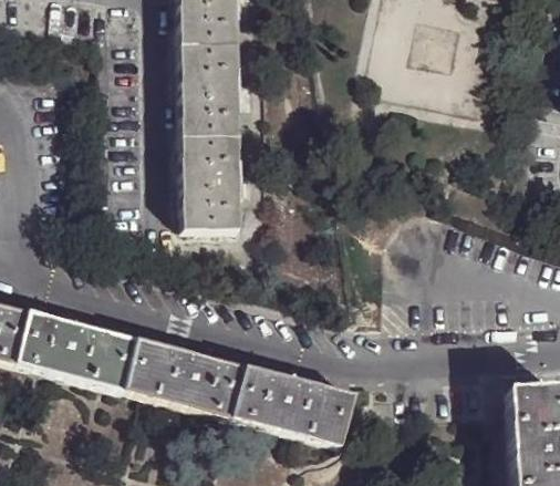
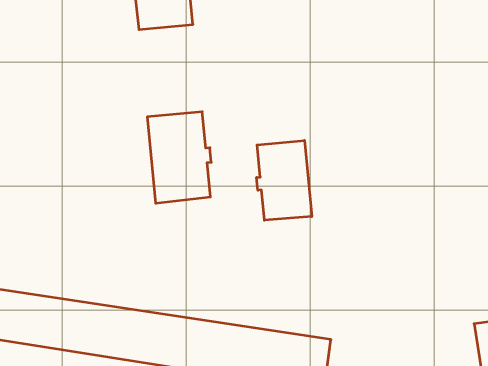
building: [182,45,246,138] -> none
building: none -> [257,140,312,220]

